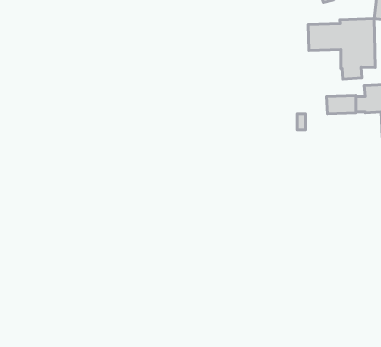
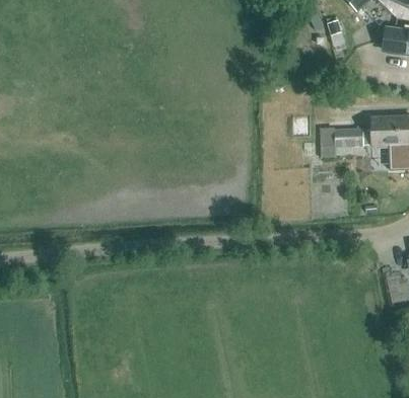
building: [308,19,375,79] -> none

